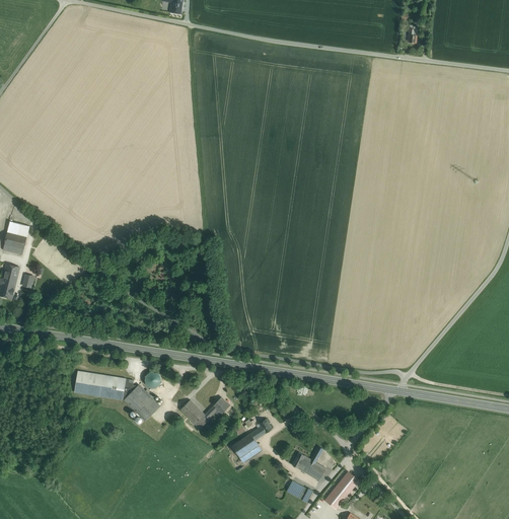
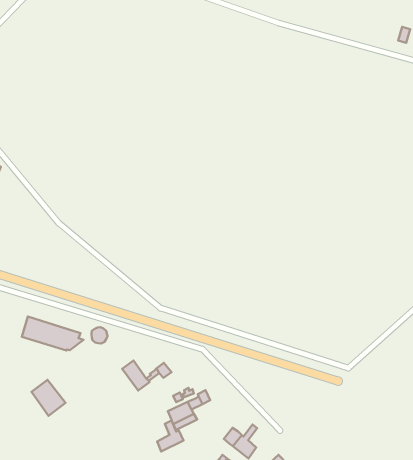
building: [124,385,159,421] -> [32,380,66,416]
building: none -> [157,421,184,452]

